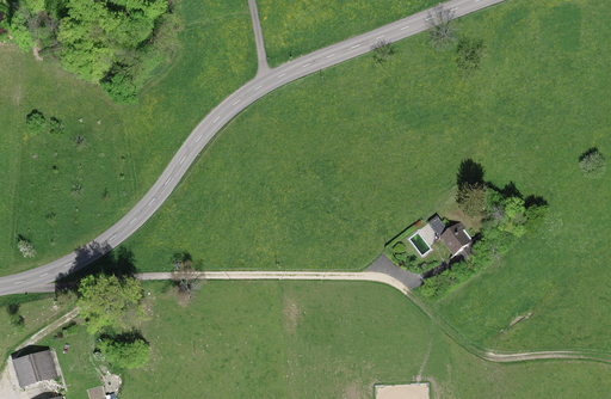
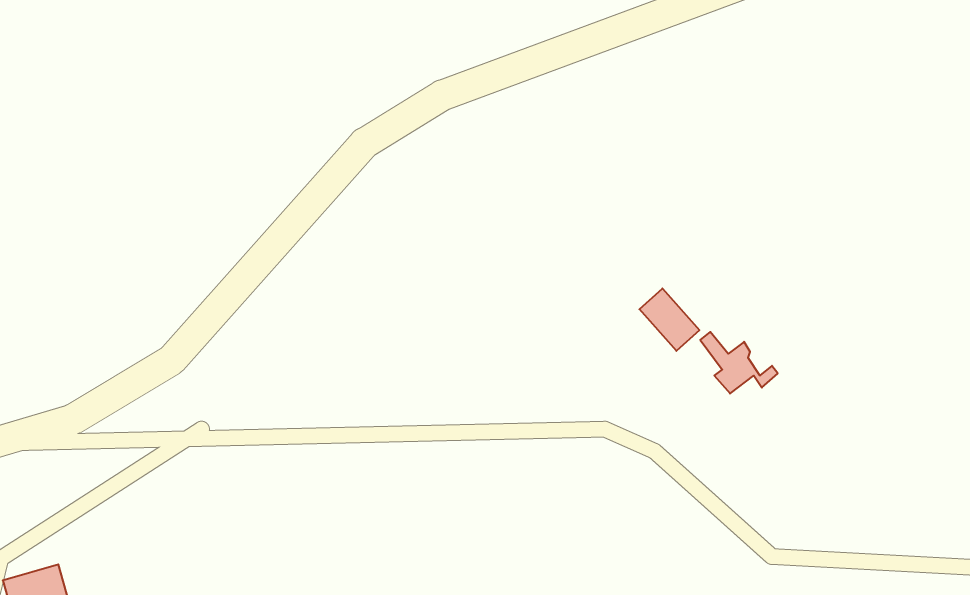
building: none -> [639,288,699,351]

